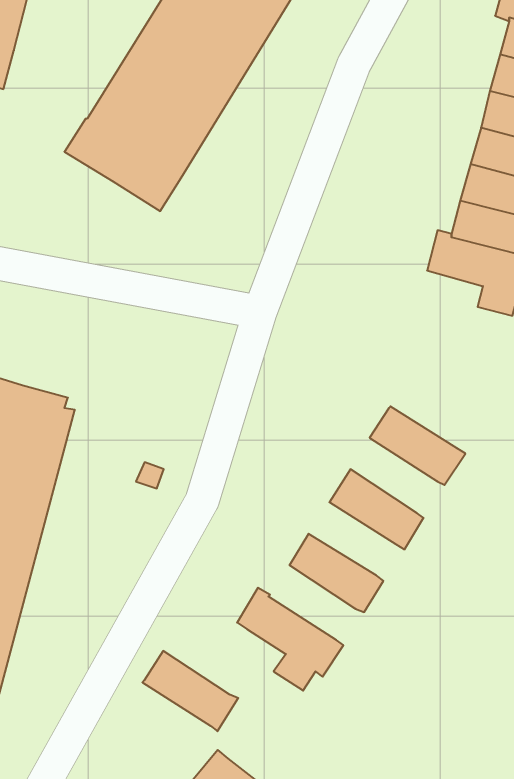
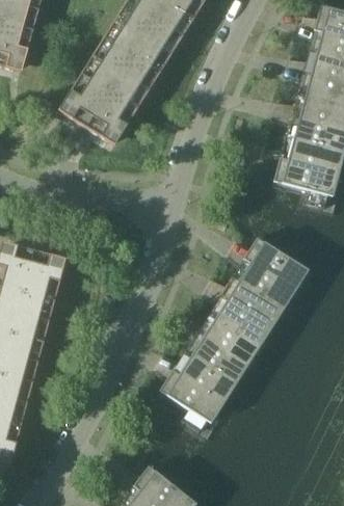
building: none -> [245,238,310,290]
building: none -> [229,281,285,328]
building: none -> [204,319,261,366]
building: [142,651,238,731] -> [180,356,237,404]

